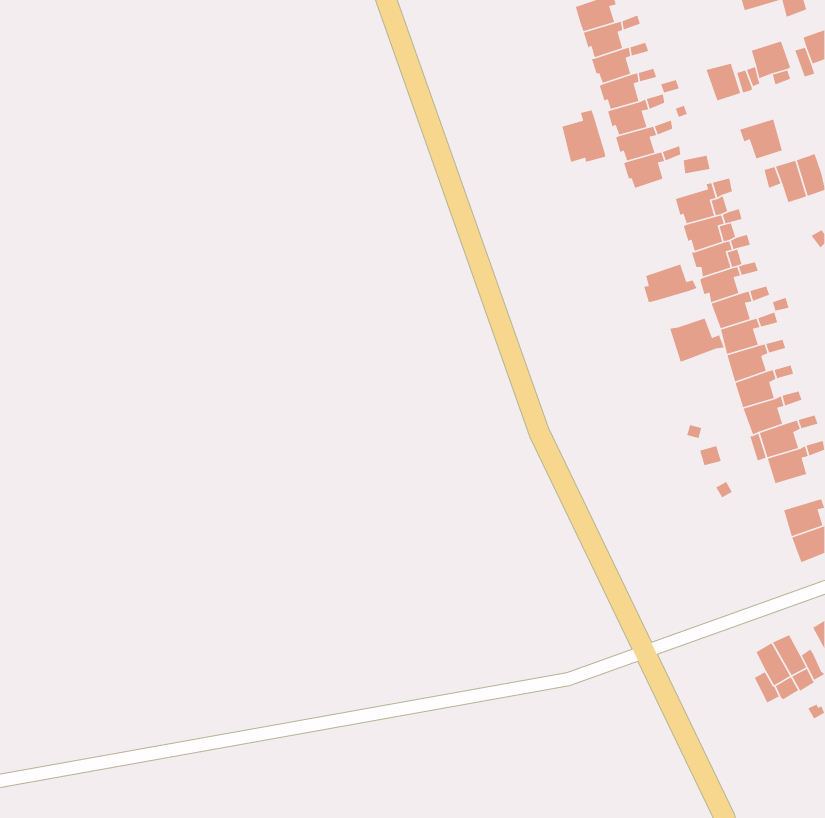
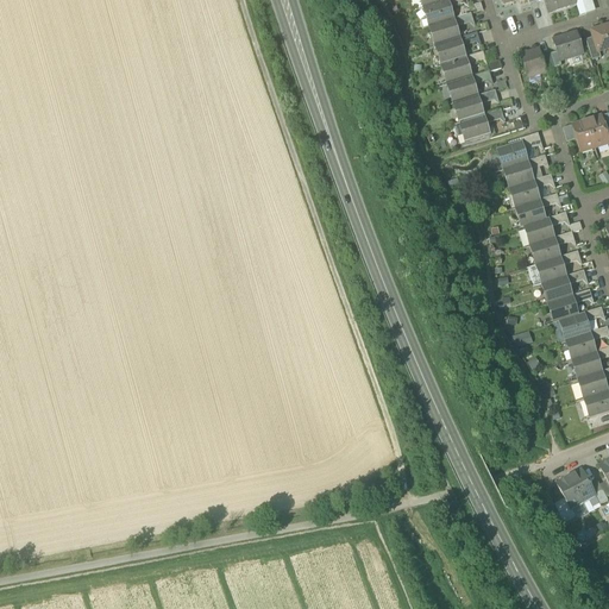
building: [562,109,606,163] -> none
building: [739,119,783,160] -> none
building: [643,264,697,303] -> none
building: [669,318,725,363] -> none
building: none -> [571,349,602,376]

